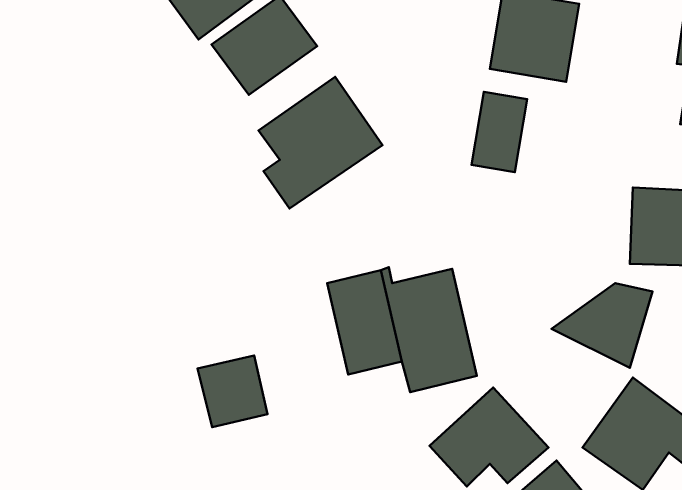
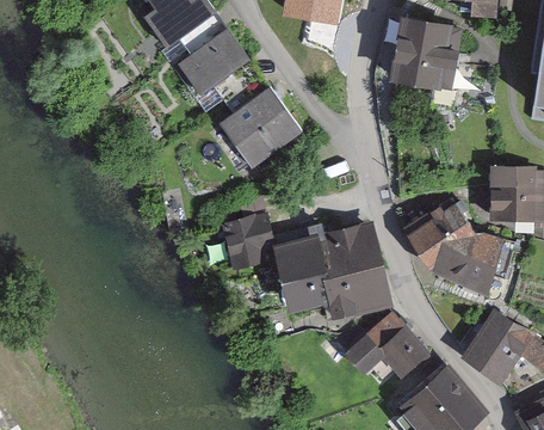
building: [472,92,527,172] -> none
building: none -> [407,198,482,269]
building: [197,356,267,427] -> [218,214,270,266]

